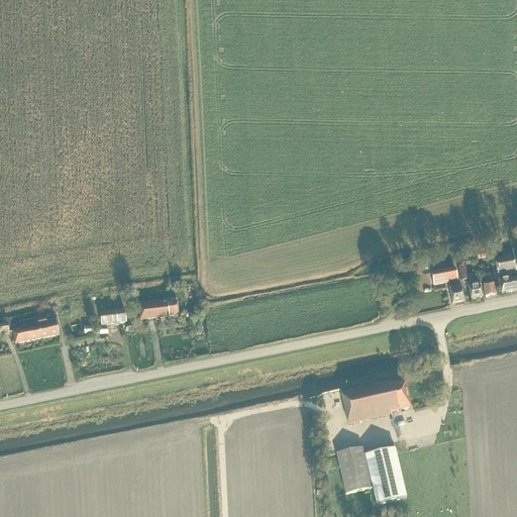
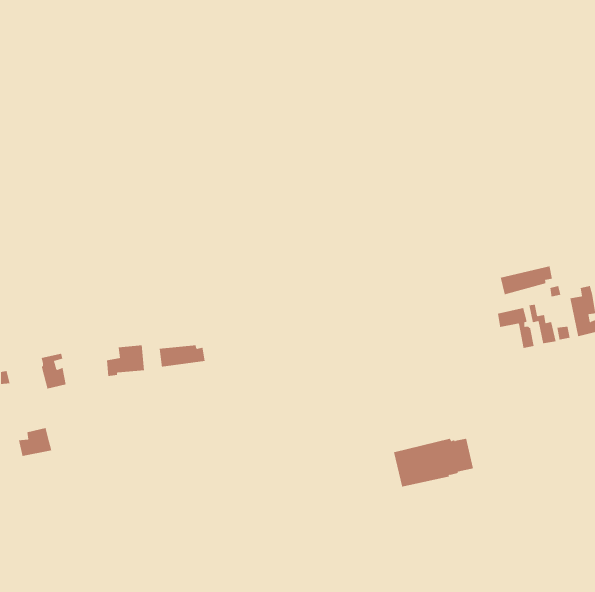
building: none -> [500,266,553,295]
building: [12,317,41,342] -> [18,427,52,456]
building: [336,446,406,504] -> none

